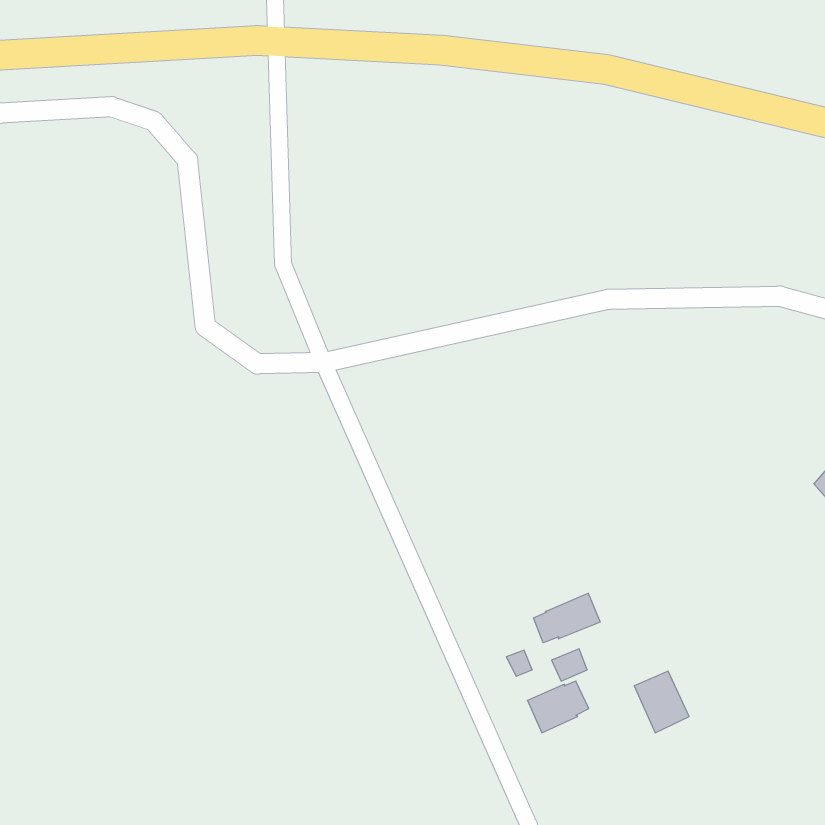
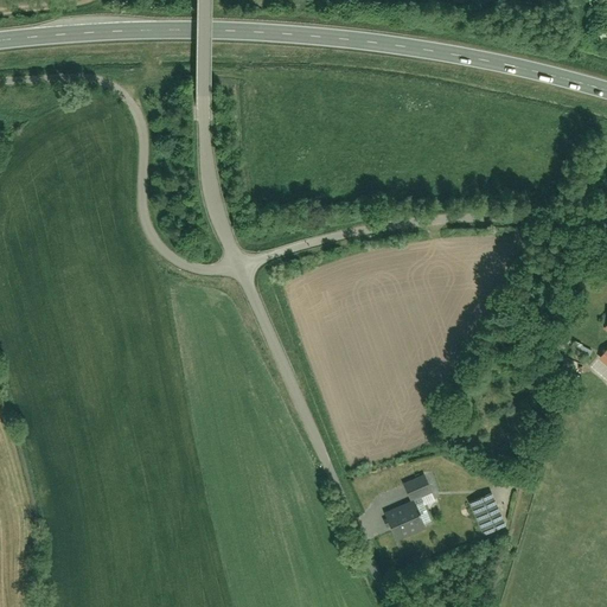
building: [534,593,600,643] -> none

